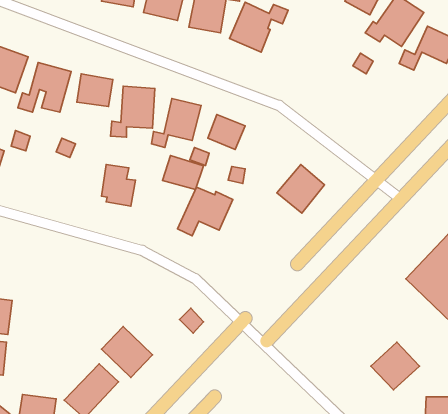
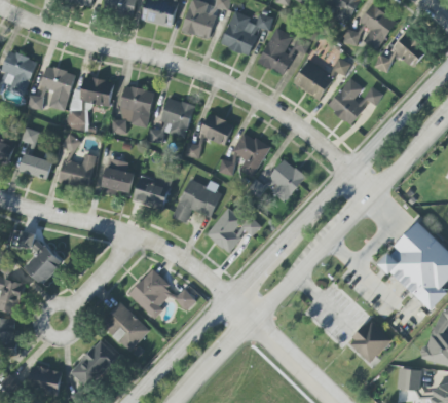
building: none -> [257,28,310,75]
building: none -> [292,61,333,100]
building: none -> [327,78,382,125]
building: none -> [68,100,85,130]
building: none -> [232,133,268,178]
building: [163,156,203,190] -> [133,178,170,209]
building: none -> [58,153,96,190]
building: none -> [20,155,52,178]
building: none -> [206,208,261,253]
building: none -> [18,230,62,285]
building: none -> [128,270,174,319]

